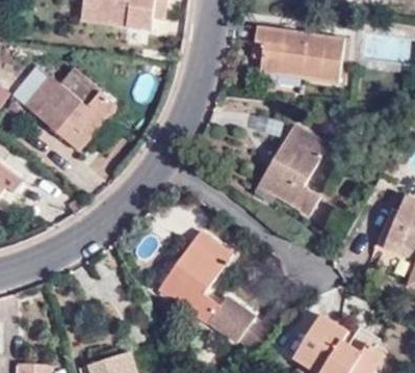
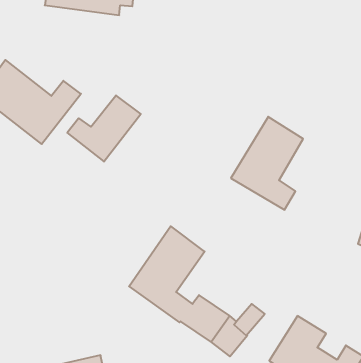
building: [252,27,343,82] -> none
building: none -> [67,95,141,162]

